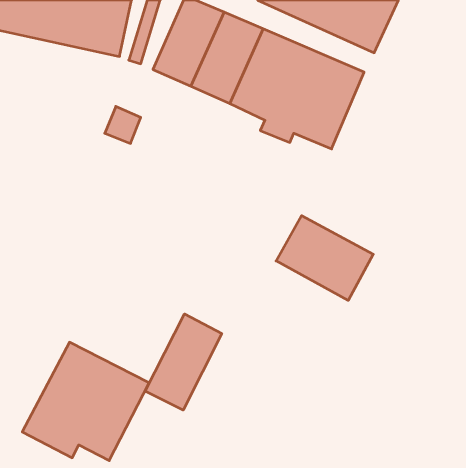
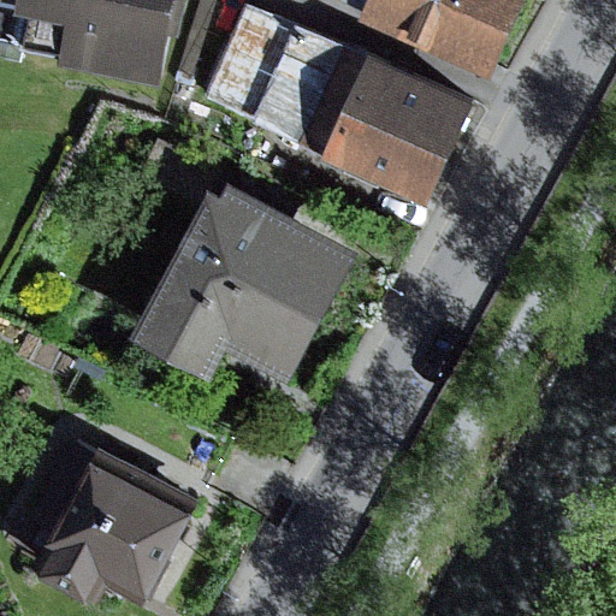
building: none -> [130,177,357,379]
building: [276,216,373,300] -> none
building: [145,314,222,410] -> none

